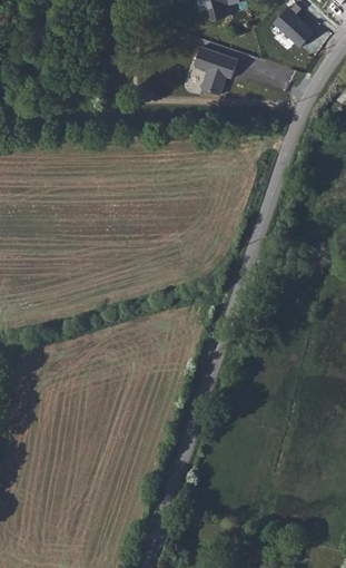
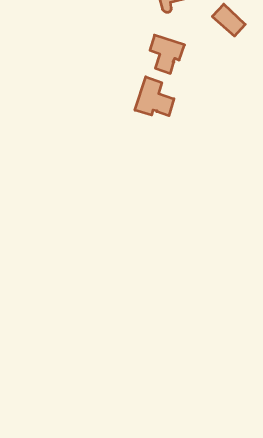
building: none -> [135,77,174,116]

